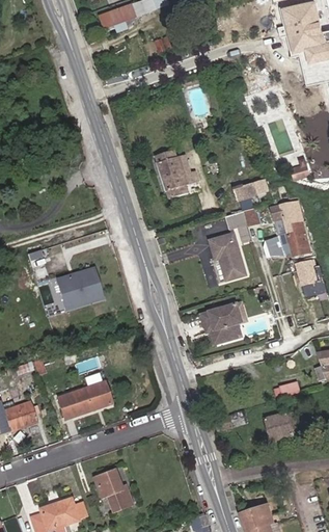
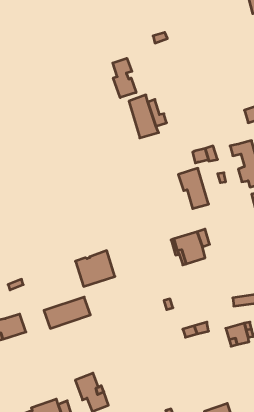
building: none -> [113,58,136,98]
building: [231,178,273,198] -> none
building: [56,268,102,310] -> [75,251,115,286]

